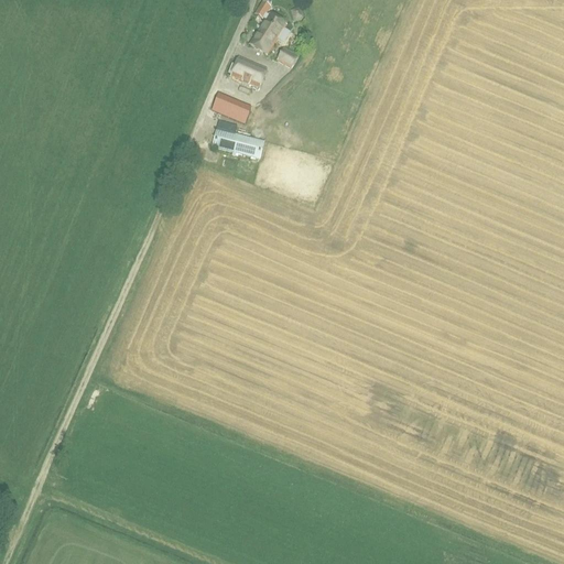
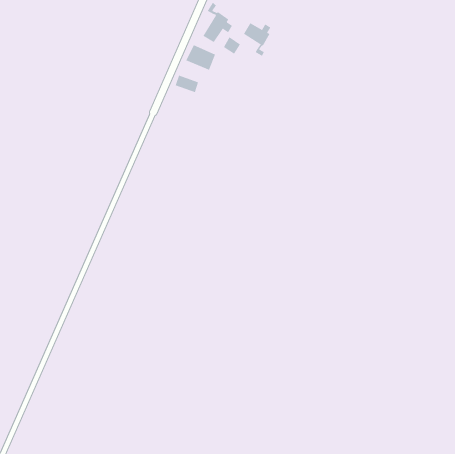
building: none -> [243,23,271,57]
building: [210,120,263,159] -> none

